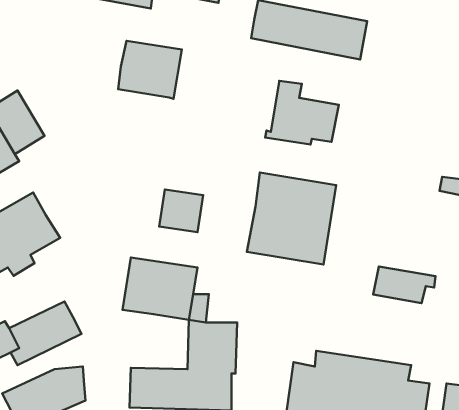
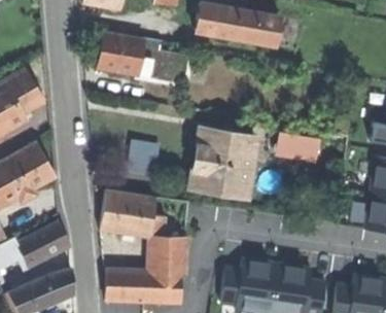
building: [265,81,339,145] -> [134,38,187,84]
building: [373,266,436,303] -> [279,133,324,160]

